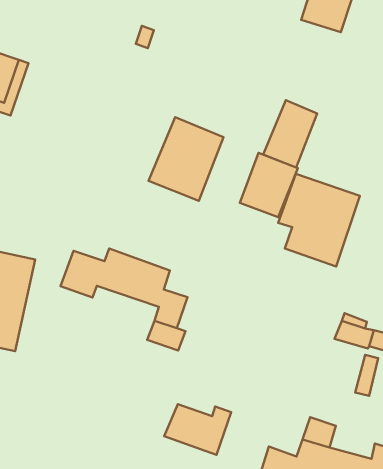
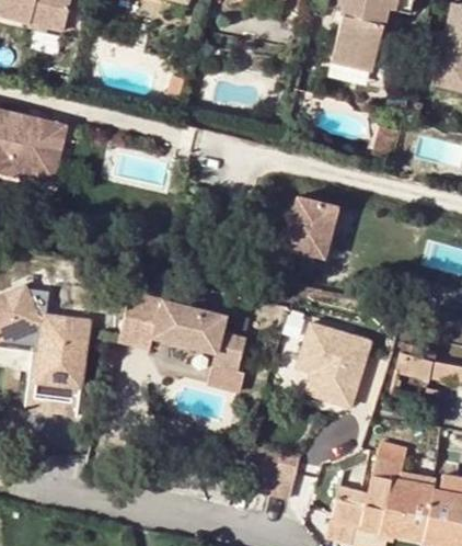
building: [263,100,317,168] -> none
building: [148,117,224,201] -> none
building: [278,174,360,266] -> [292,318,371,407]

